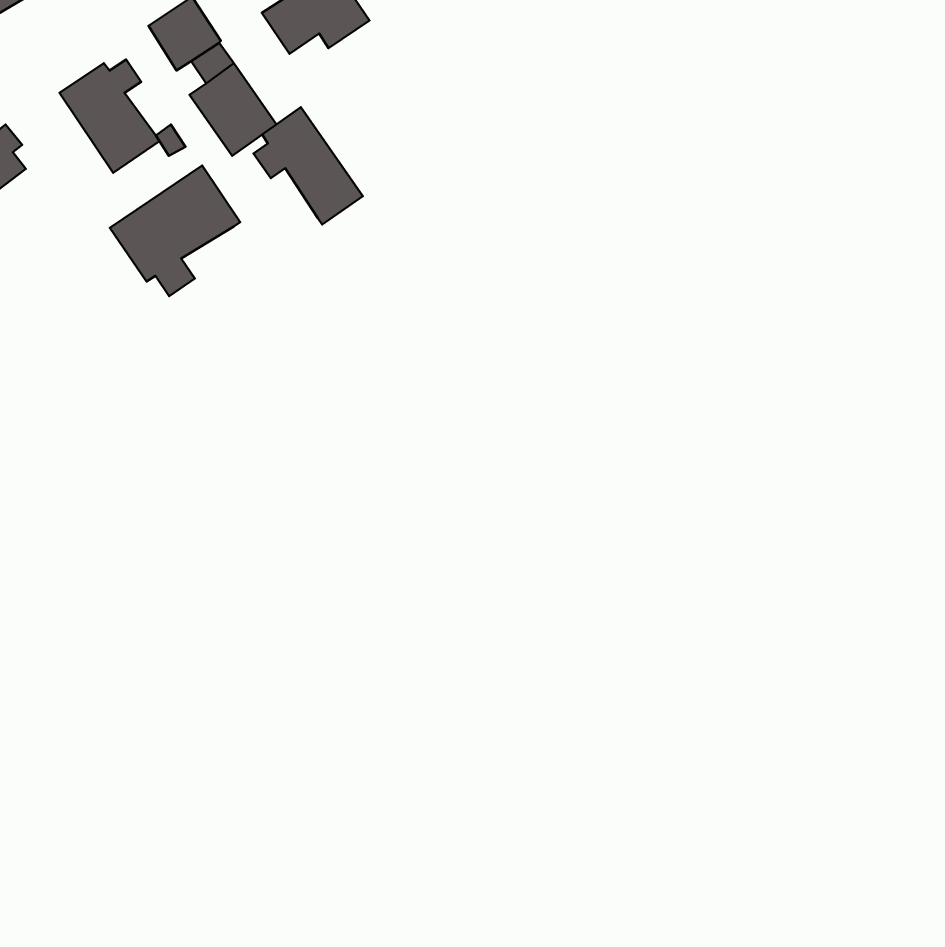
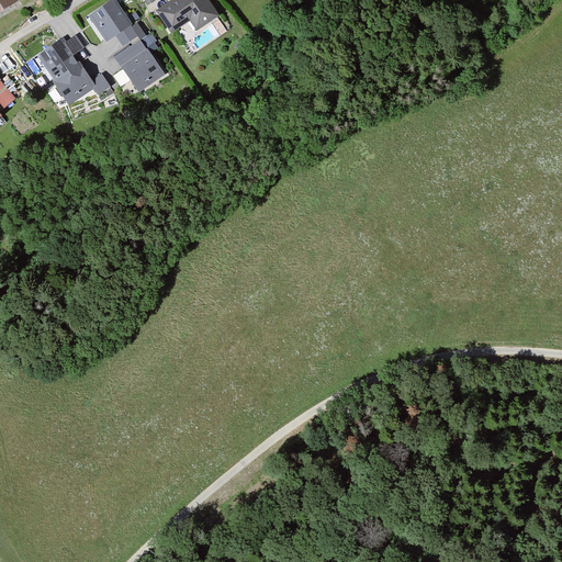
building: [253,107,363,224] -> none
building: [110,166,240,296] -> none

